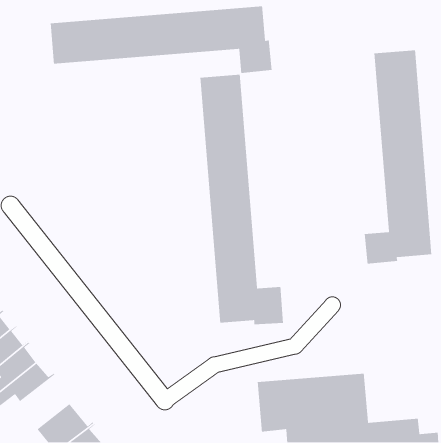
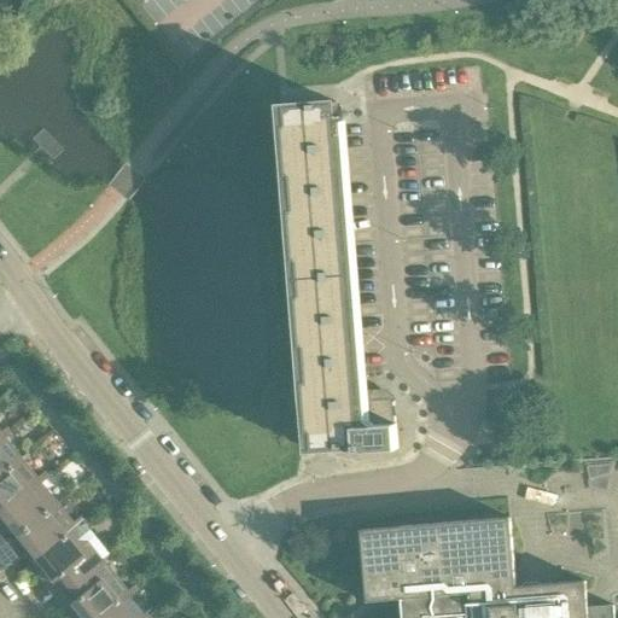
building: [50,5,273,74] -> none
building: [364,50,432,265] -> none
building: none -> [28,521,97,597]

